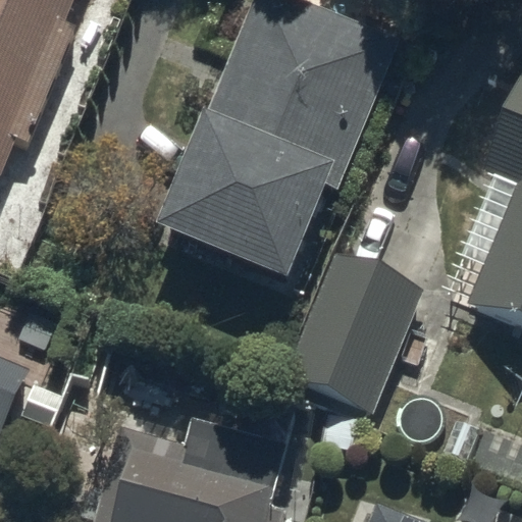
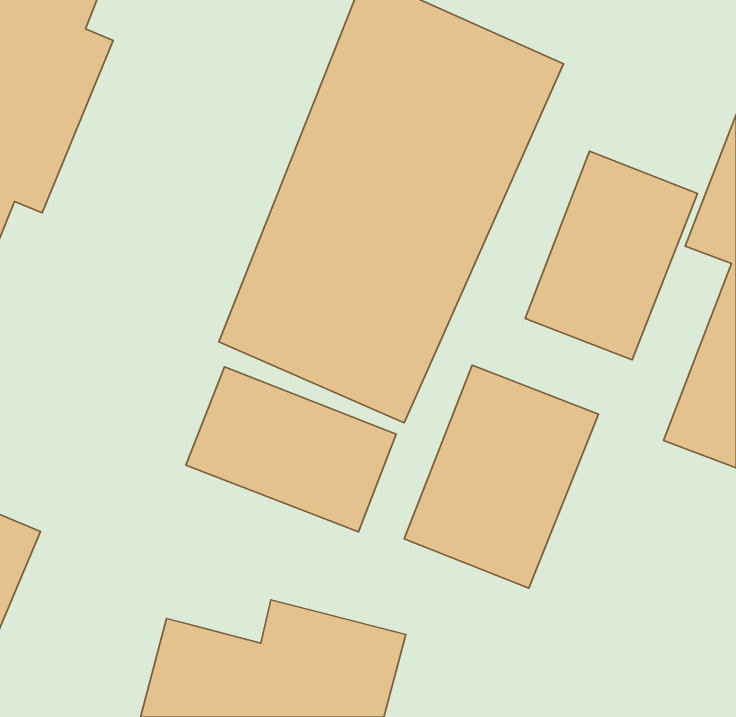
building: none -> [525,151,697,360]
building: none -> [186,367,396,532]

